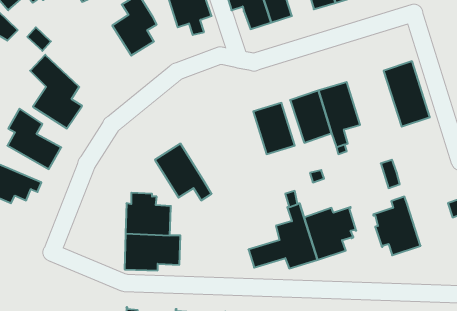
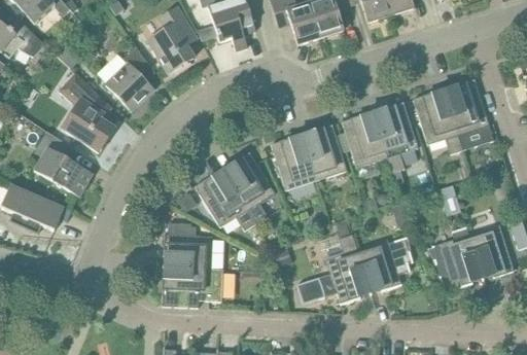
building: none -> [106,45,153,109]
building: none -> [413,88,463,153]
building: none -> [271,133,316,189]
building: none -> [222,151,275,225]
building: none -> [469,223,514,279]

